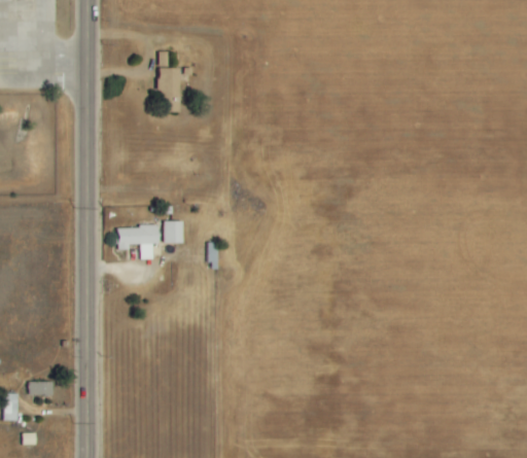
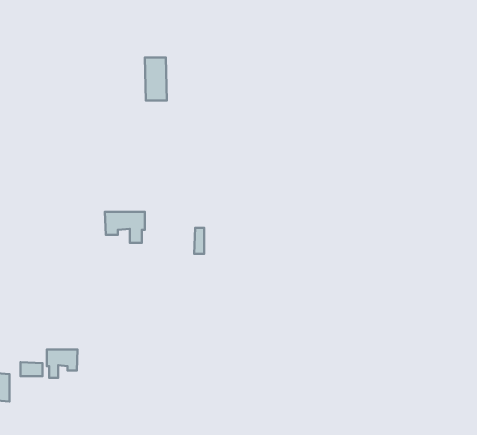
building: [164,221,183,244] -> none
building: none -> [47,350,78,378]

